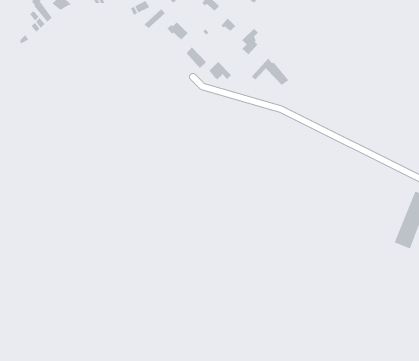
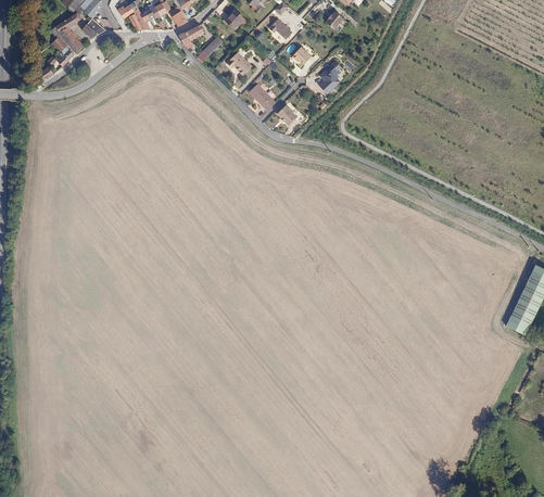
building: [251,58,289,86] -> none

